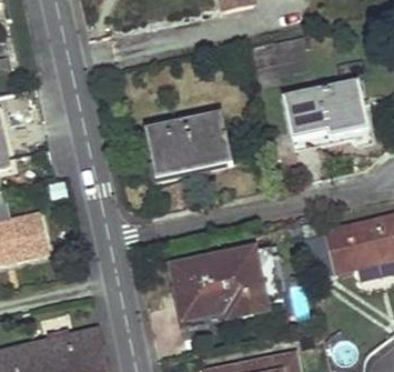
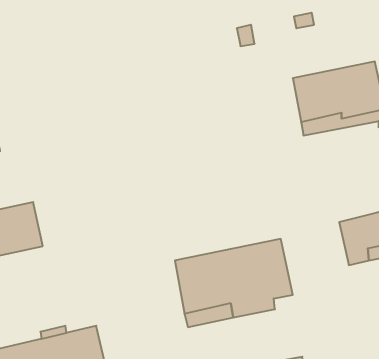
building: [145,113,231,177] -> none

